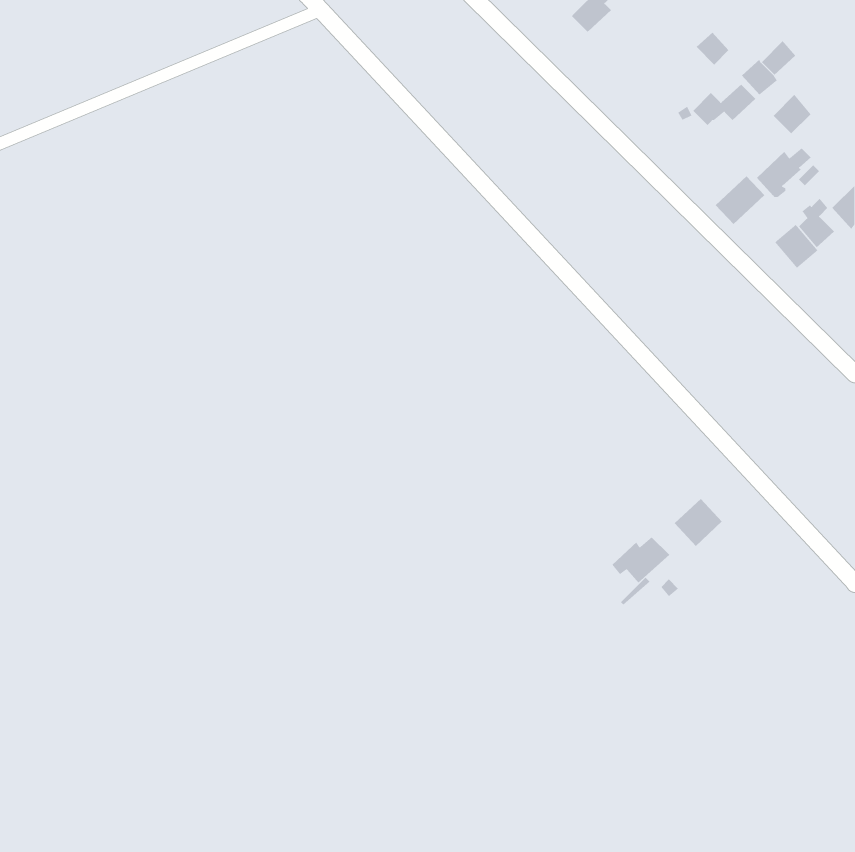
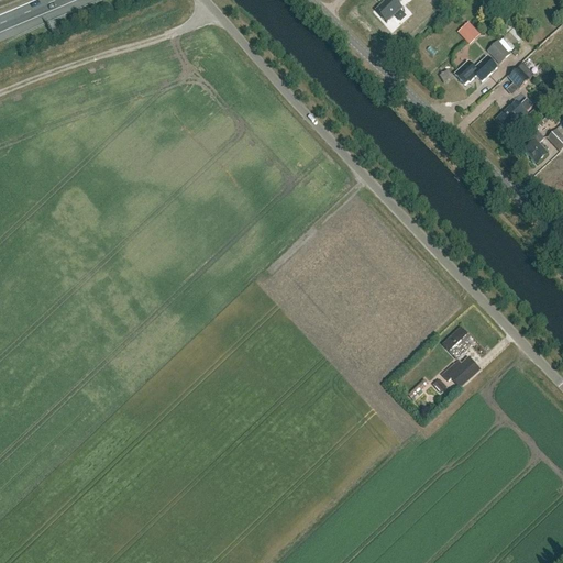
building: [715,176,765,225] -> none
building: [774,224,818,269] -> none
building: [611,536,670,583] -> [441,356,479,387]

